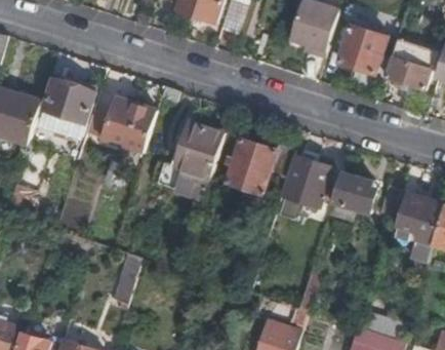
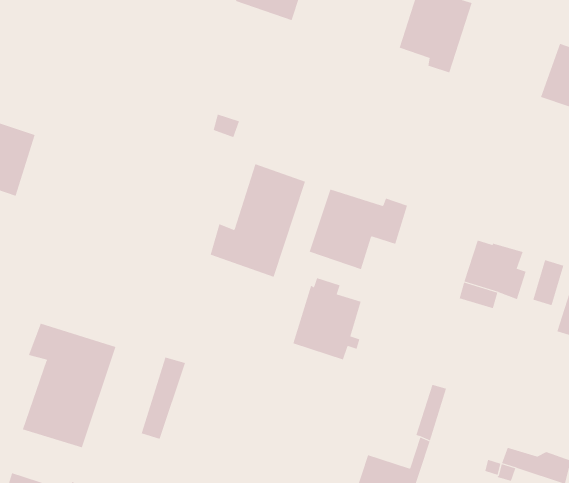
building: [339,25,387,72] -> none
building: [42,77,94,138] -> none
building: [103,98,157,152] -> none
building: [284,150,331,206] -> [292,278,362,360]
building: none -> [22,323,116,448]

